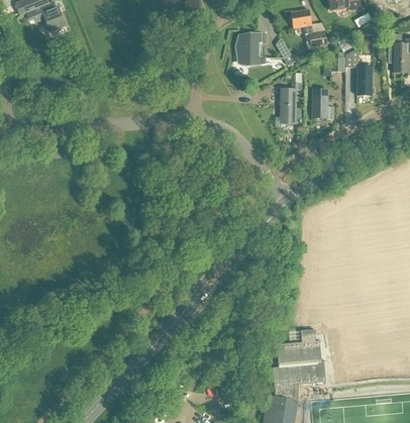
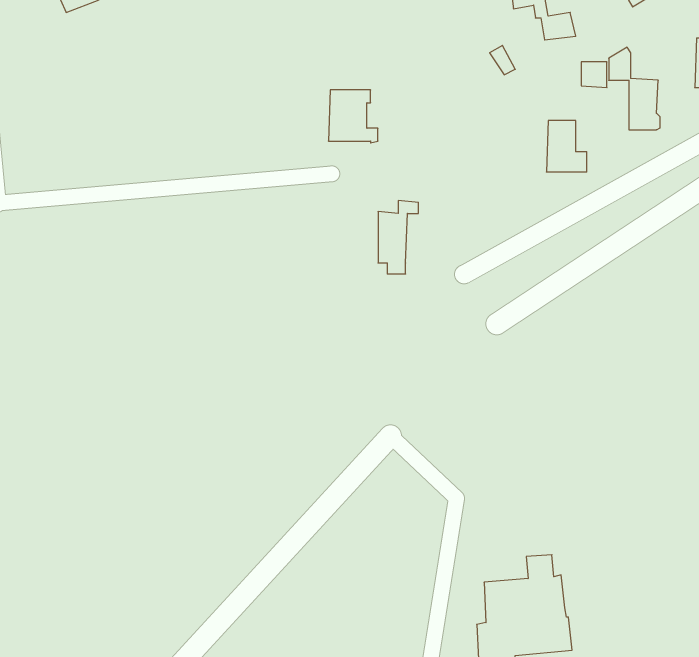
building: [238,35,266,65] -> [328,90,378,143]
building: [280,83,302,123] -> [378,201,418,274]

